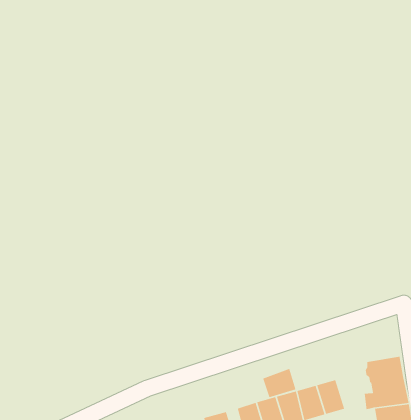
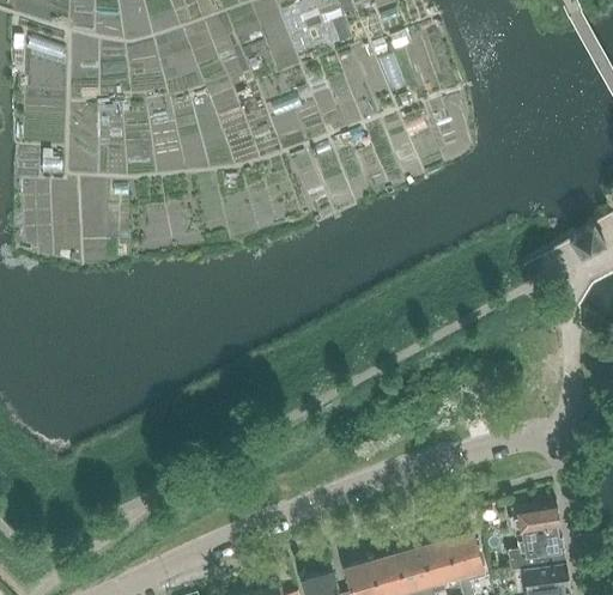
building: [262,368,297,398] -> none

